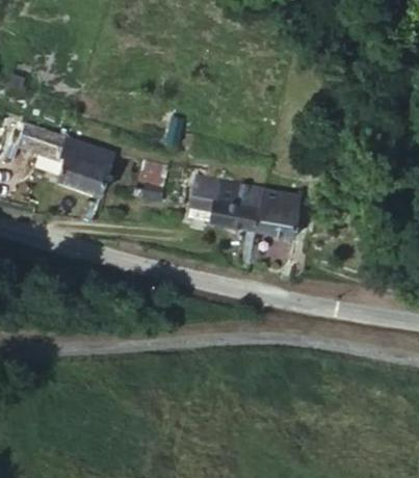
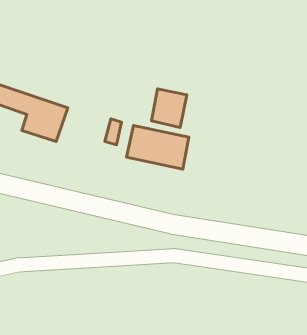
building: [256,189,299,237] -> [152,89,187,128]

